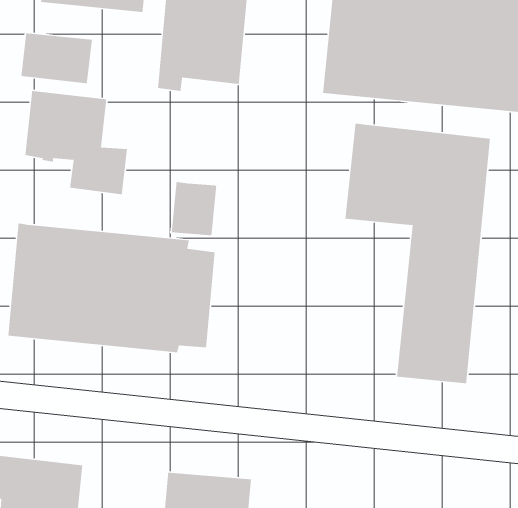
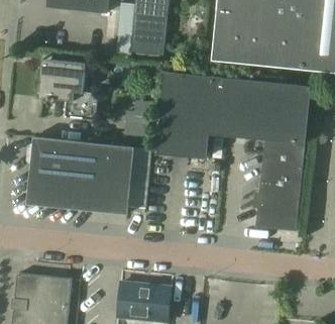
building: [20,32,93,84] -> none
building: none -> [156,72,230,157]

